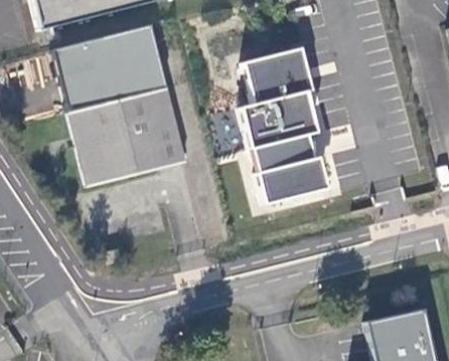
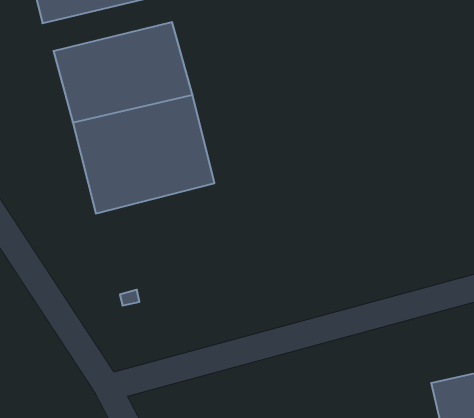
building: [240,49,326,206] -> none

